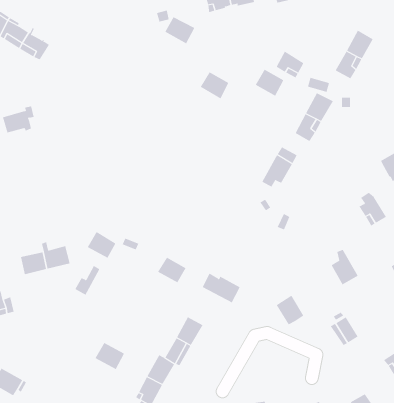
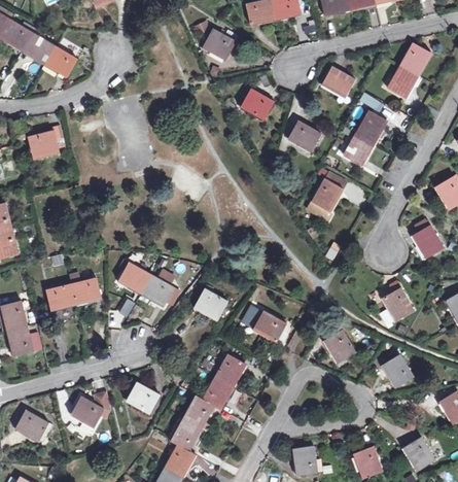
building: [255,69,284,96] -> [288,120,320,150]
building: none -> [140,275,173,307]
building: none -> [72,397,104,426]

